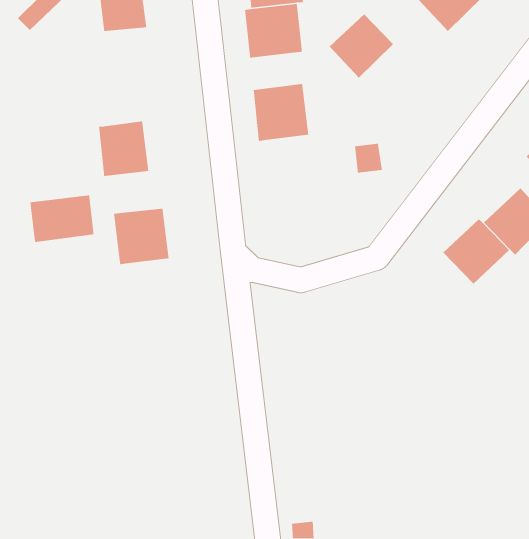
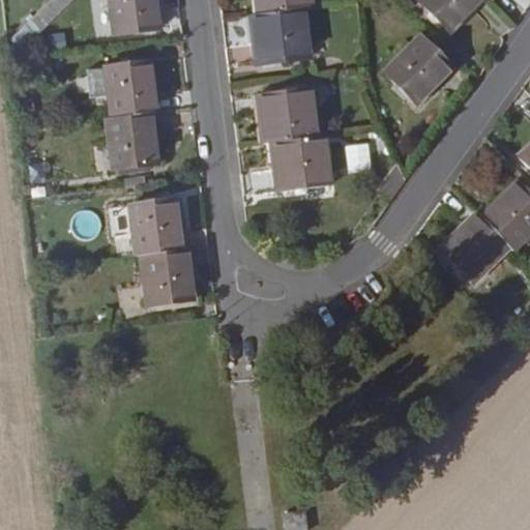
building: [329,13,394,78] -> [386,40,449,104]
building: none -> [111,64,158,122]
building: none -> [274,130,330,183]
building: [30,195,95,243] -> none
building: none -> [138,251,194,310]

